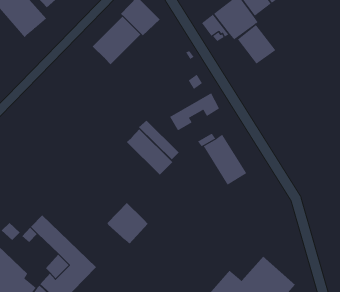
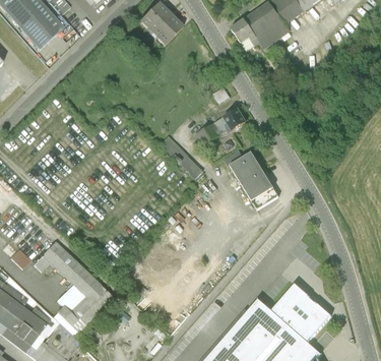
building: [92,16,141,65] -> none
building: [237,24,276,65] -> none
building: [126,128,173,176] -> none
building: [107,202,149,244] -> none

